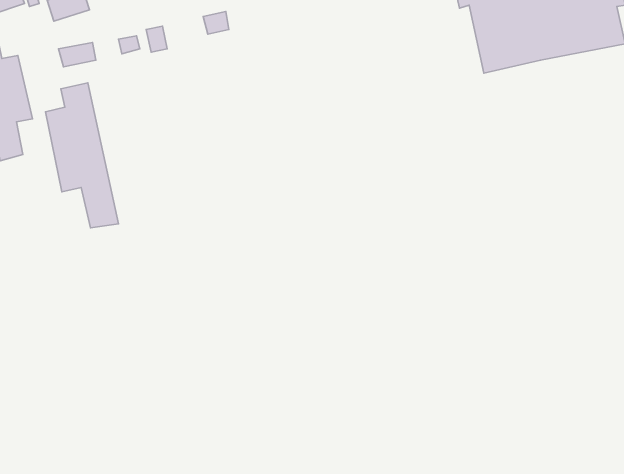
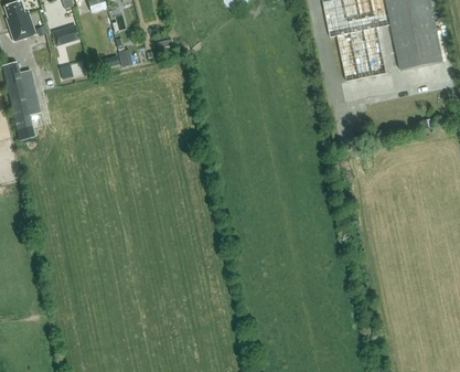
building: [46,83,119,228] -> none

